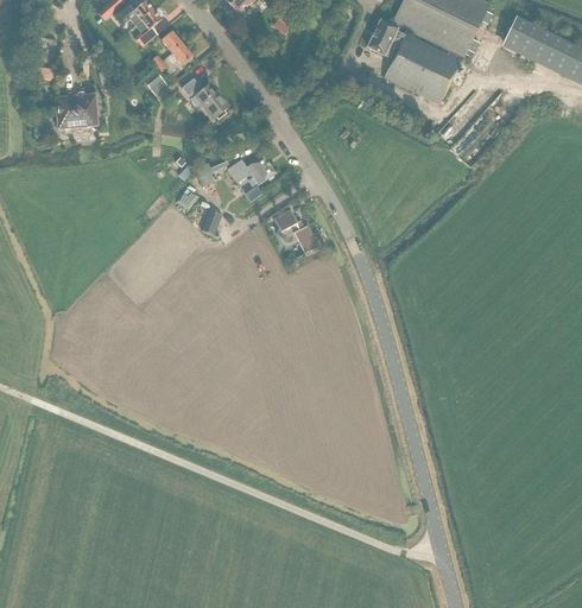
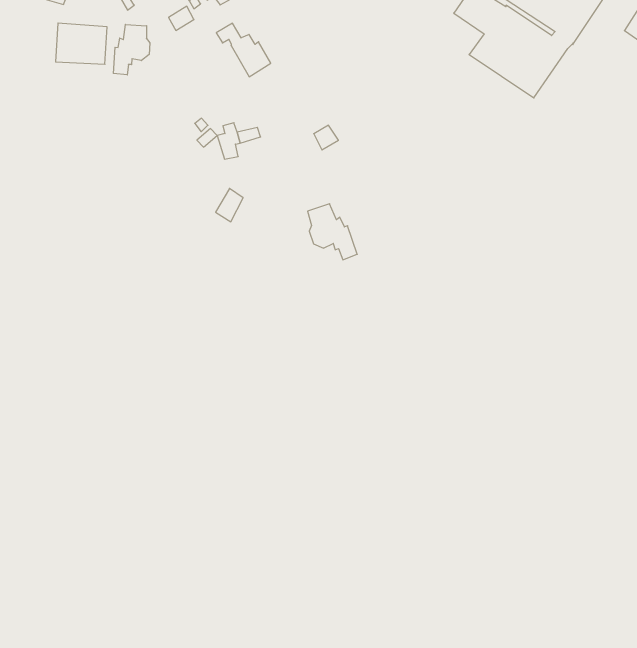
building: none -> [113,24,150,75]
building: [228,156,276,185] -> none

